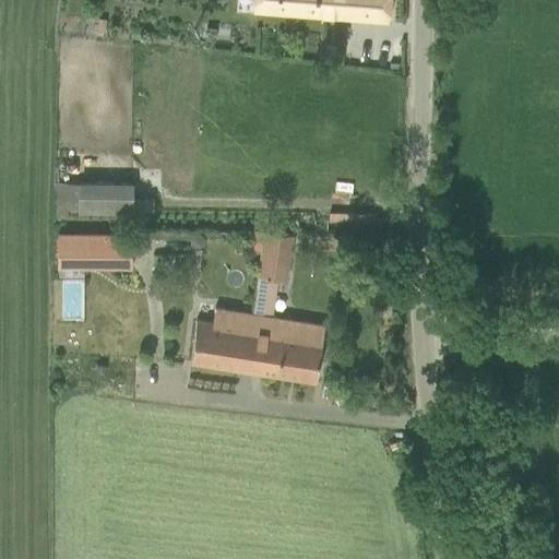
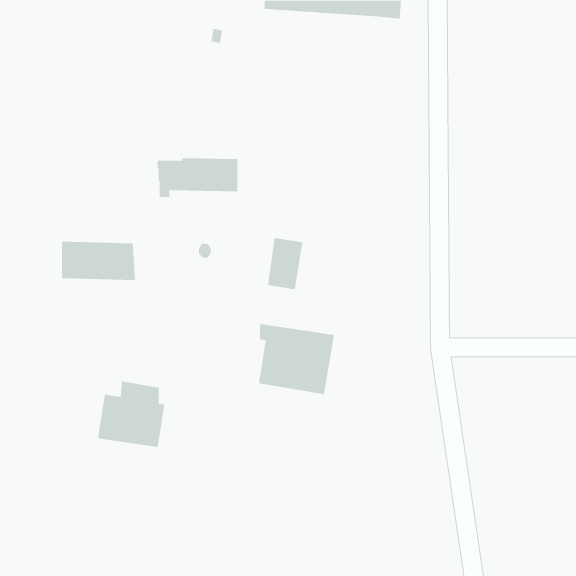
building: [56,181,134,219] -> [157,158,238,197]
building: [192,308,258,372] -> [97,381,165,447]

